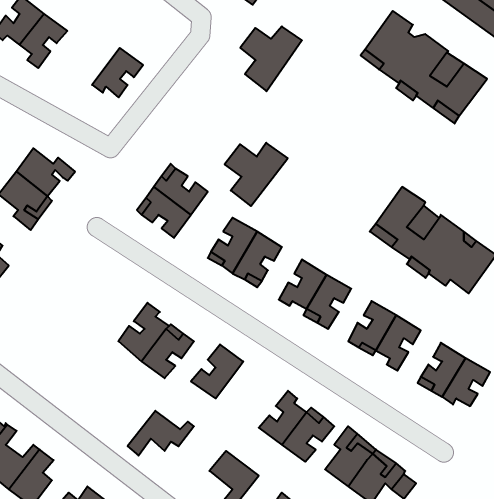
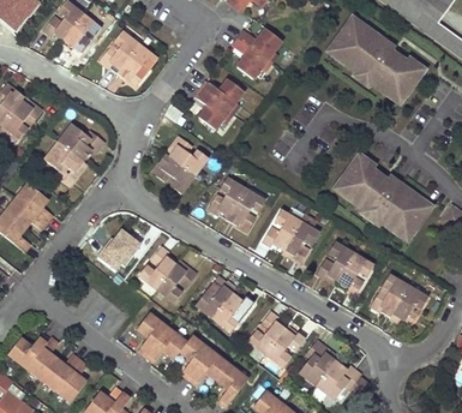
building: none -> [103,30,139,73]
building: [225,143,288,206] -> [194,78,244,127]
building: none -> [96,227,140,274]
building: none -> [214,293,253,331]
building: none -> [137,312,167,354]
building: none -> [181,339,222,384]

